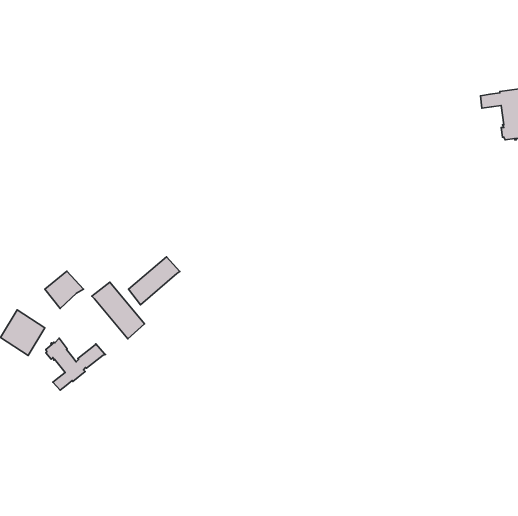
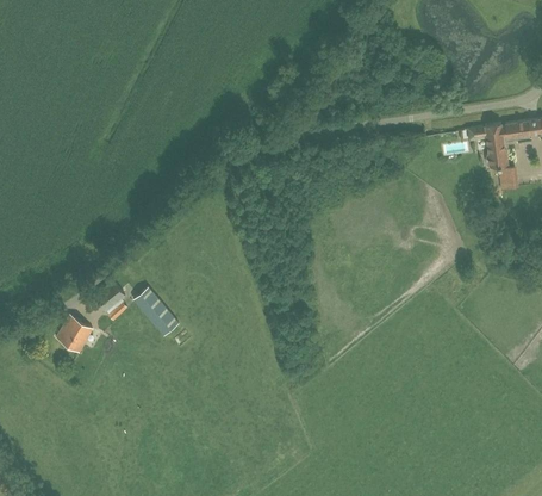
building: [128,257,180,305] -> none
building: [46,338,105,390] -> none

